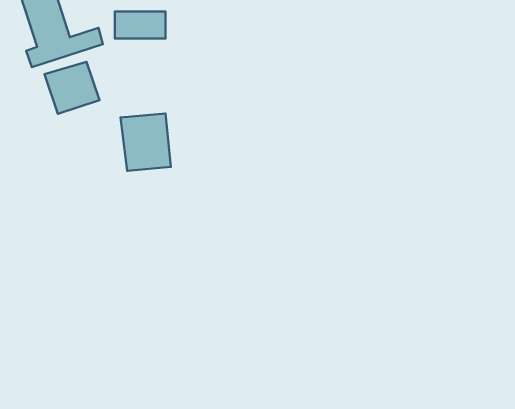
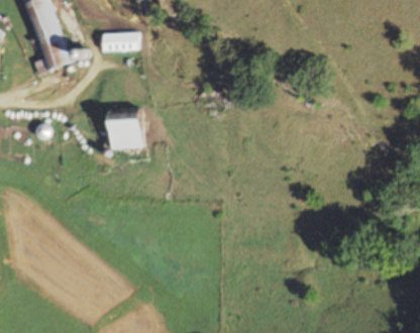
building: [44,62,99,114] -> none

